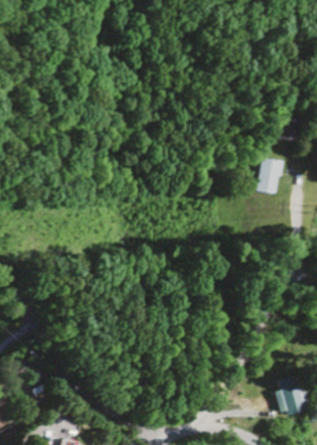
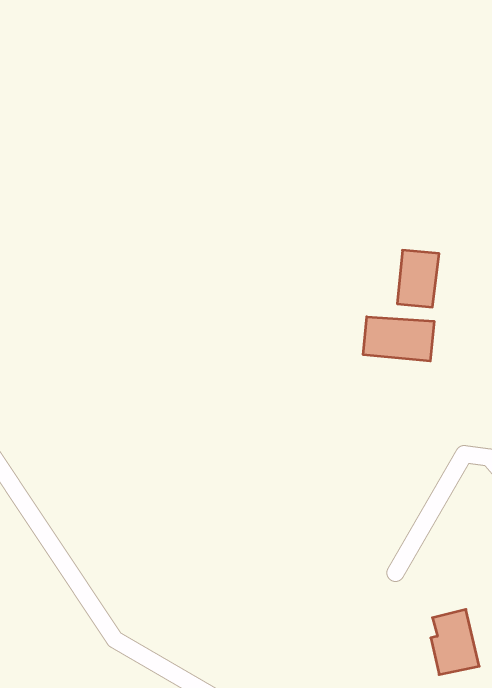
building: none -> [363,317,434,361]

